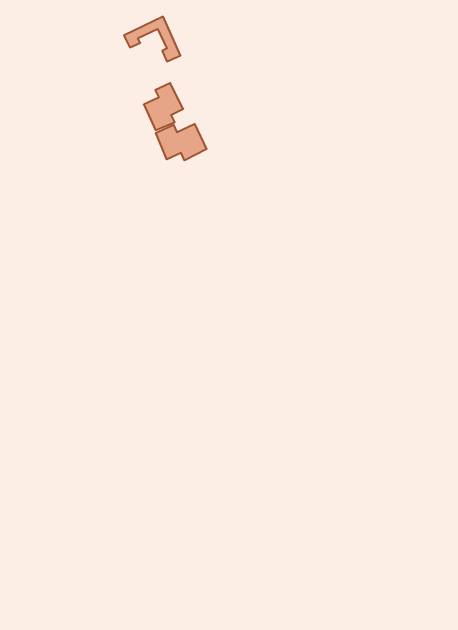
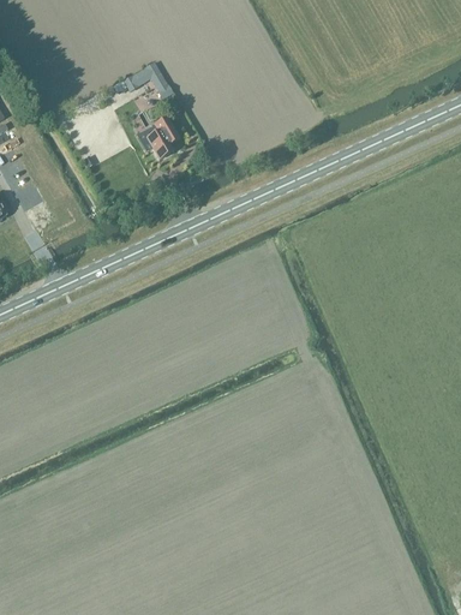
building: [156,124,207,160] -> none

